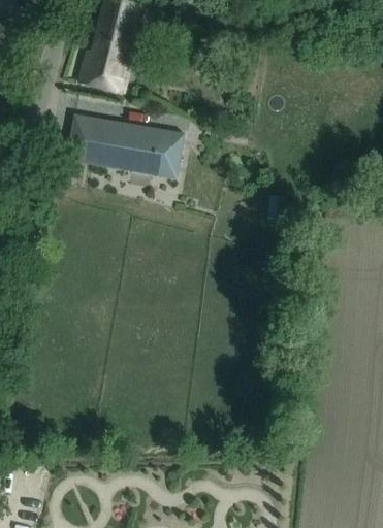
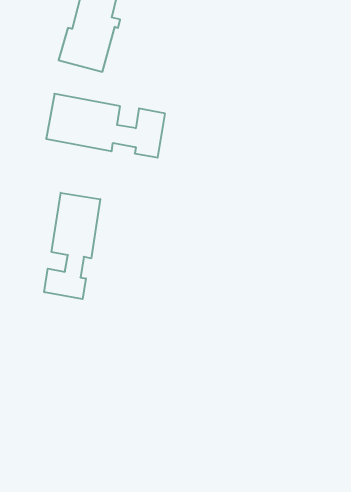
building: none -> [44,193,100,299]

